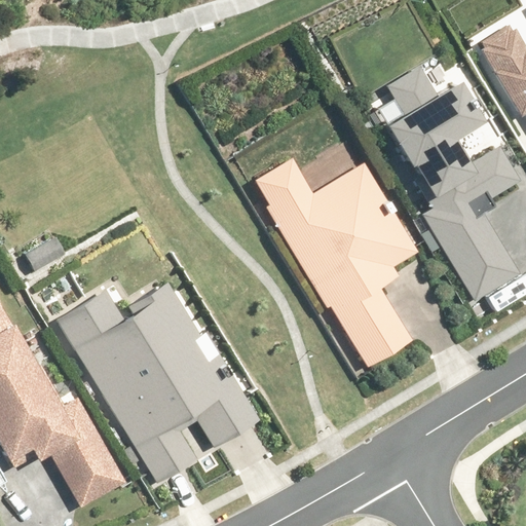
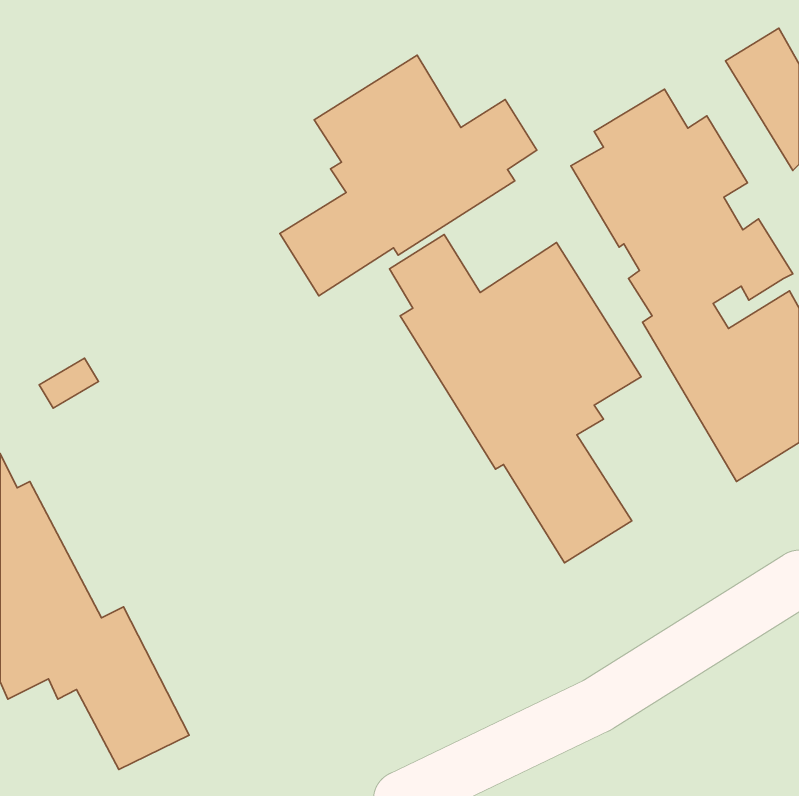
building: none -> [280,55,537,296]
building: [57,280,262,481] -> none

